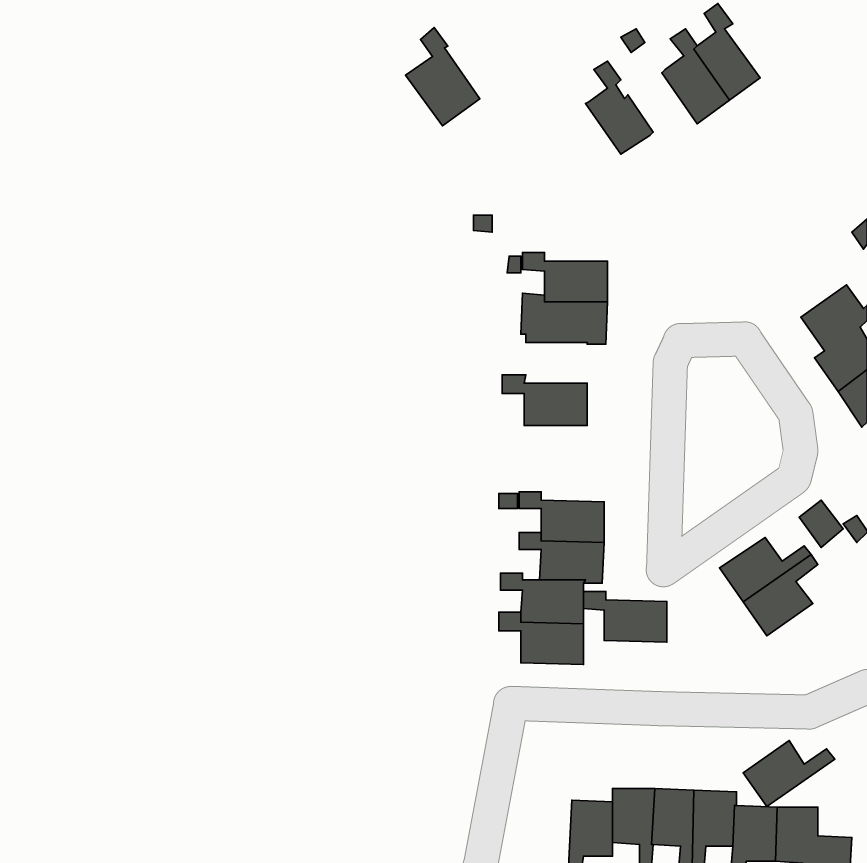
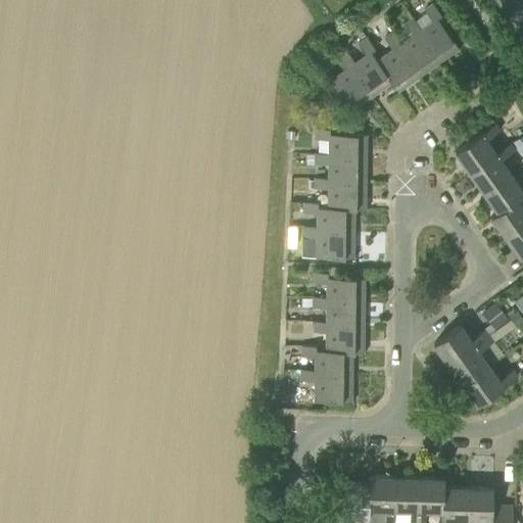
building: [405,28,480,126] -> [329,52,374,111]
building: none -> [378,34,420,92]
building: none -> [455,125,514,193]
building: none -> [315,131,366,159]
building: none -> [303,203,353,233]
building: [584,591,667,642] -> [314,274,364,304]
building: [743,741,835,807] -> [462,366,517,406]

